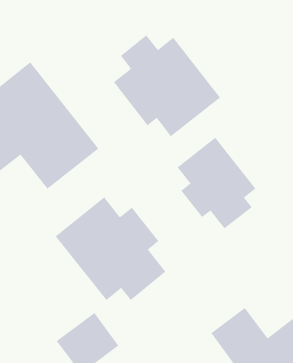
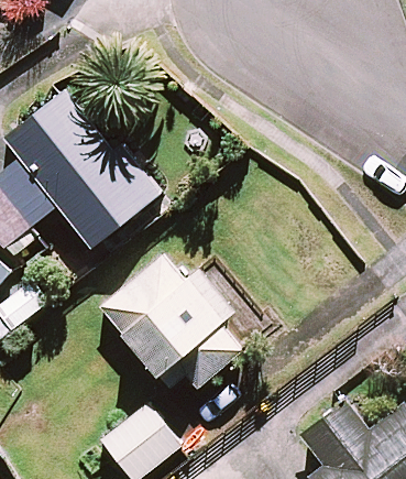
building: [113,35,221,137] -> none
building: [177,137,256,229] -> none

